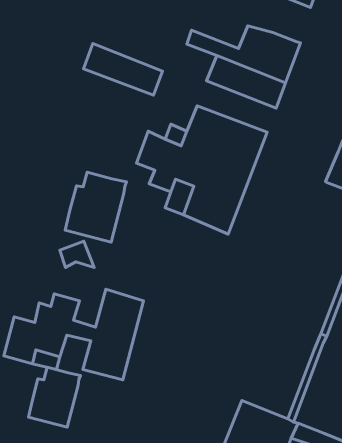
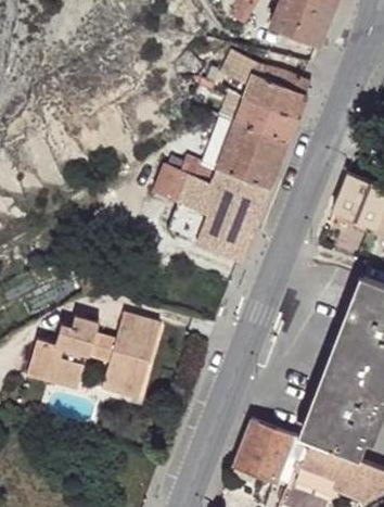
building: [84,44,163,95] -> [212,116,286,165]
building: [65,172,127,242] -> none
building: [28,367,81,427] -> none

